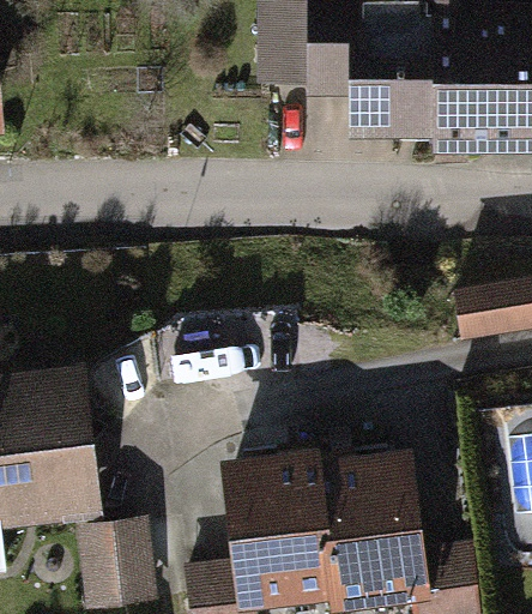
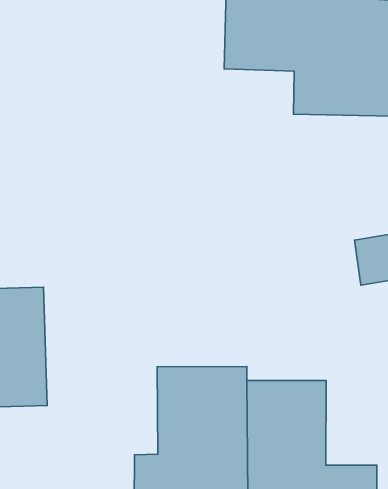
building: [81,518,159,602] -> none

